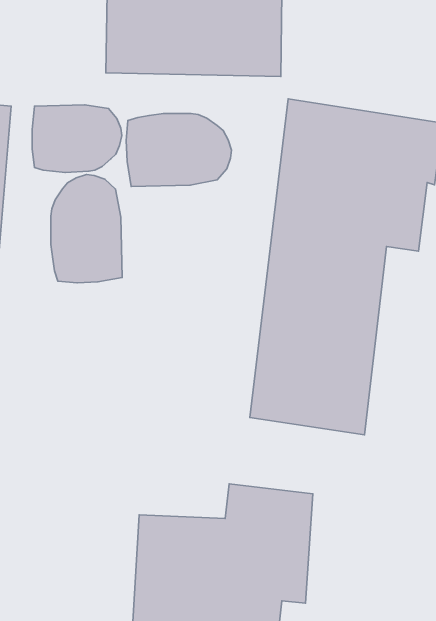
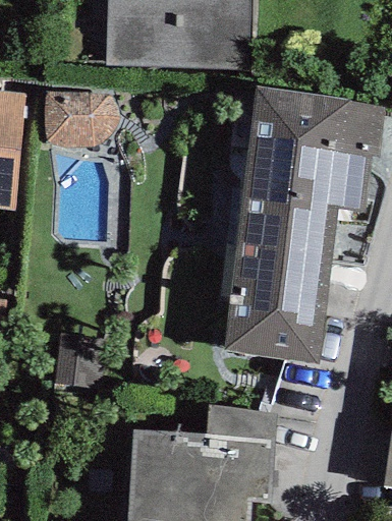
building: [126,114,232,187] -> none
building: [51,174,122,283] -> none

